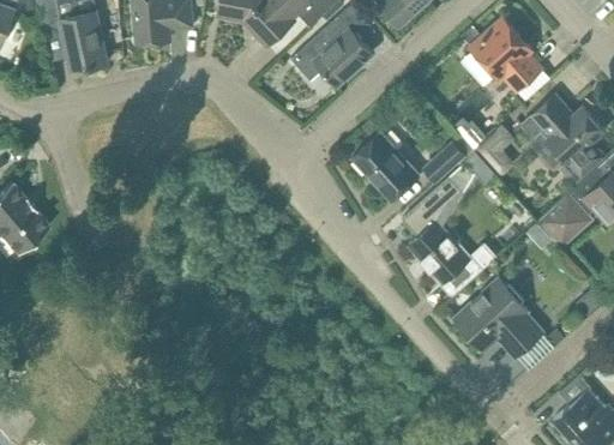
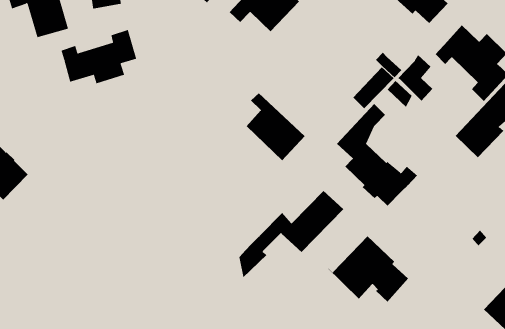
building: none -> [61,29,137,84]
building: [351,120,419,200] -> [246,92,306,161]
building: none -> [239,190,344,278]
building: [446,278,541,356] -> [325,235,409,302]

